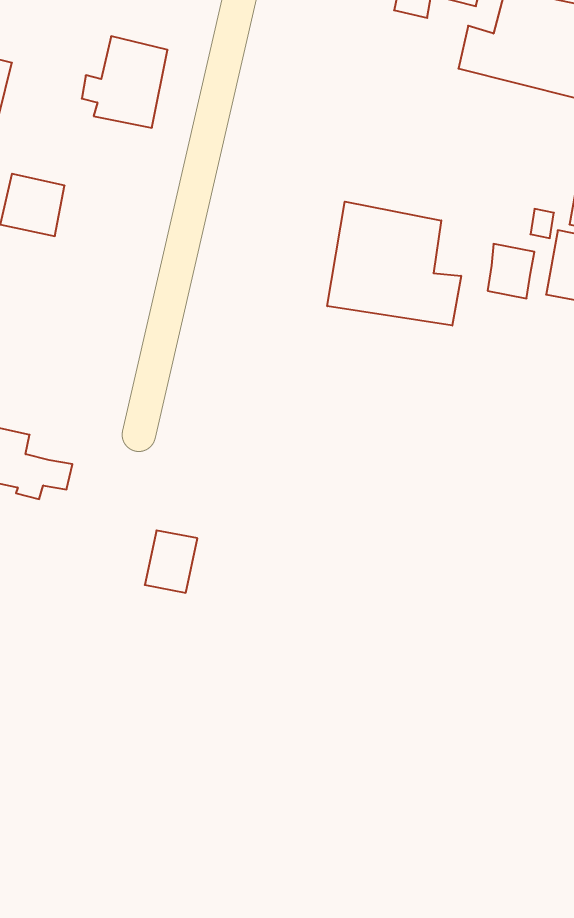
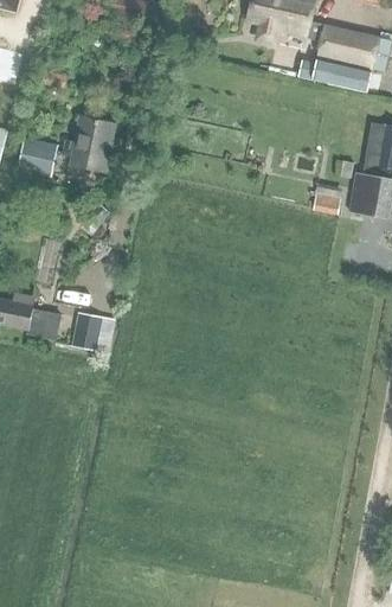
building: [82,36,168,128] -> [63,115,115,171]
building: [327,202,461,326] -> none
building: [145,530,197,593] -> [72,312,104,350]

